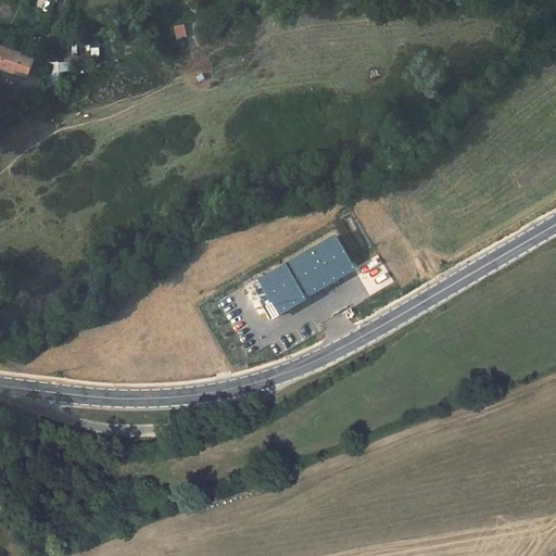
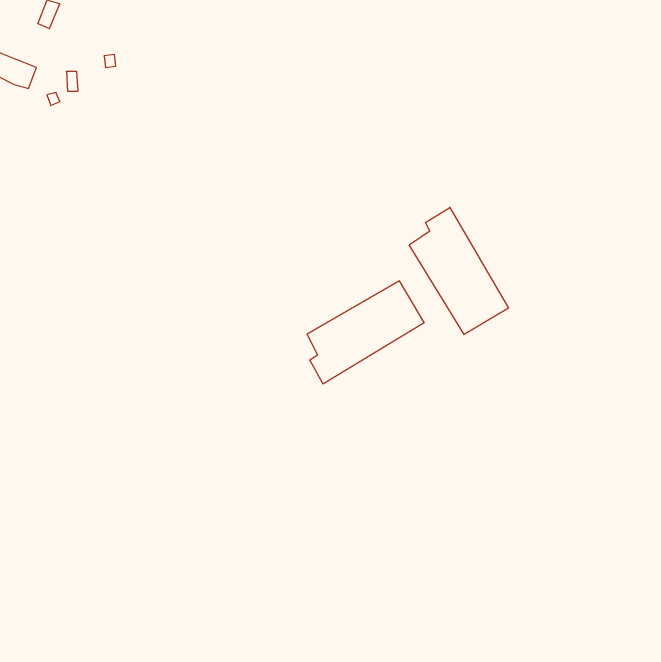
building: none -> [409,207,509,335]

